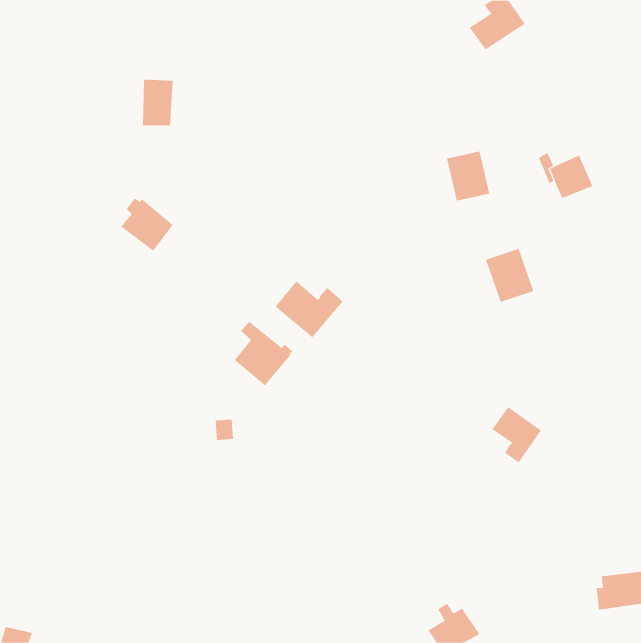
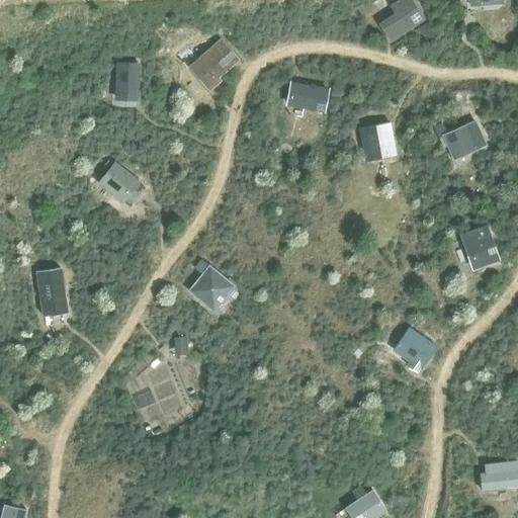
building: none -> [188,37,240,91]
building: none -> [289,83,328,110]
building: [485,248,534,302] -> [460,226,500,269]
building: [275,280,343,338] -> none
building: none -> [35,267,69,317]

